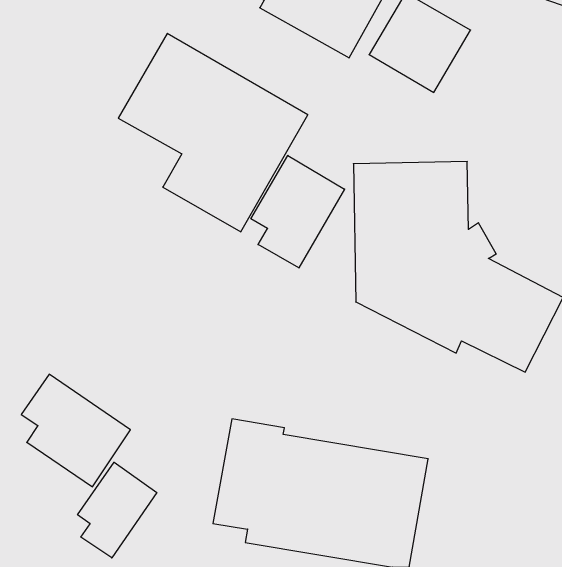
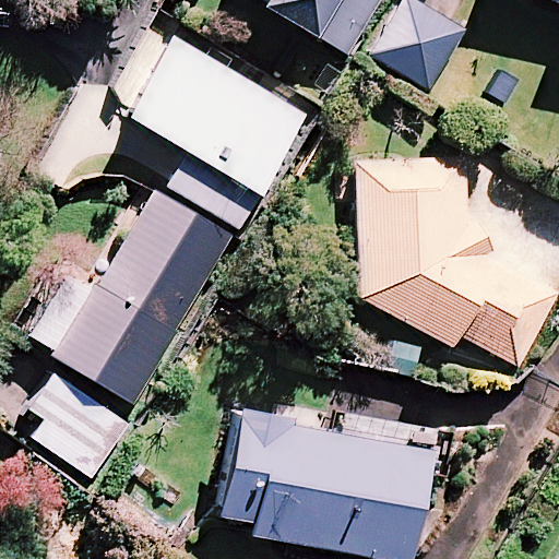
building: [251,155,345,268] -> none
building: none -> [51,187,235,401]
building: [78,462,157,558] -> none

